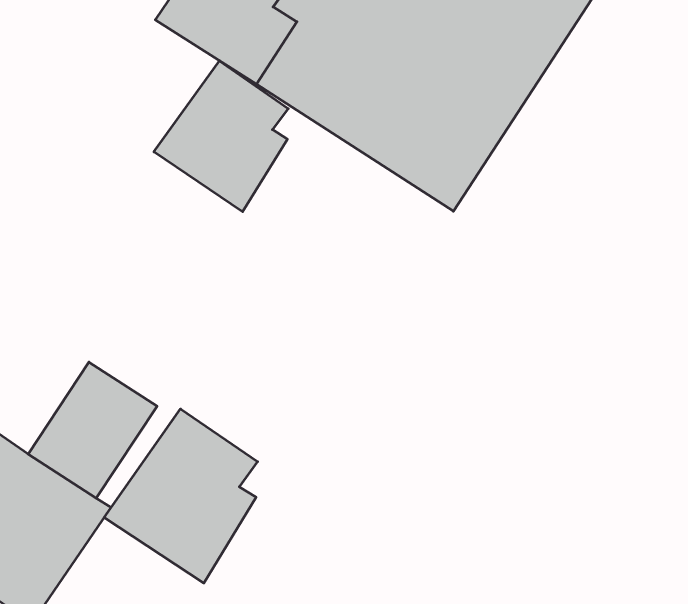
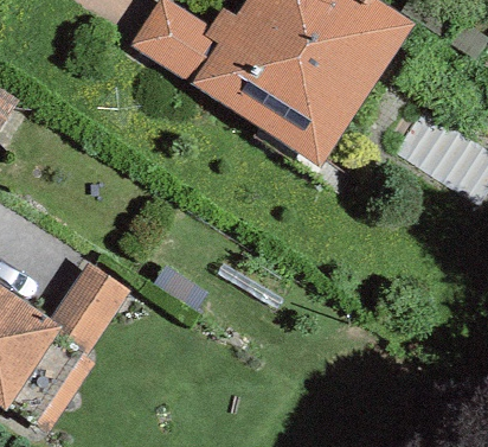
building: [154,61,288,212] -> none
building: [104,409,258,583] -> none

